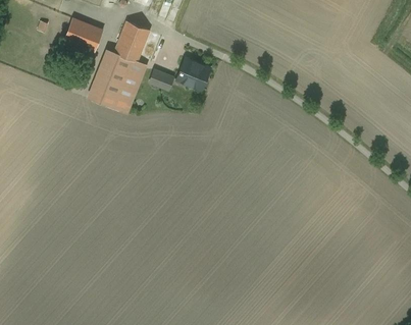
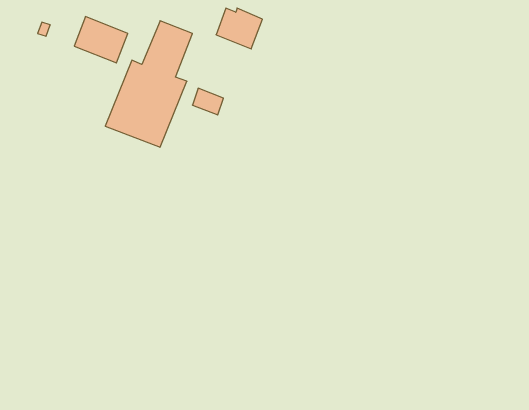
building: [176,60,210,90] -> [216,8,262,49]

